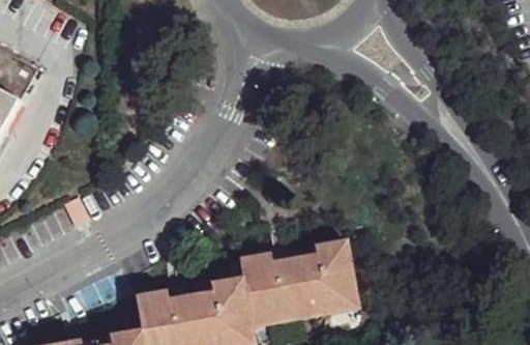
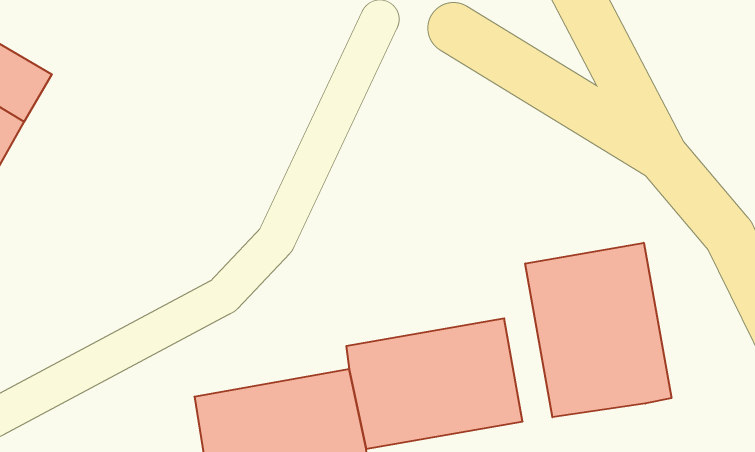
building: none -> [525,243,671,417]

